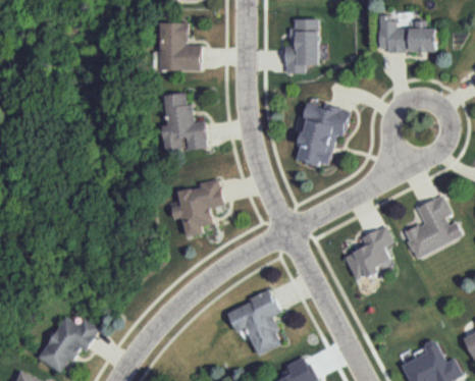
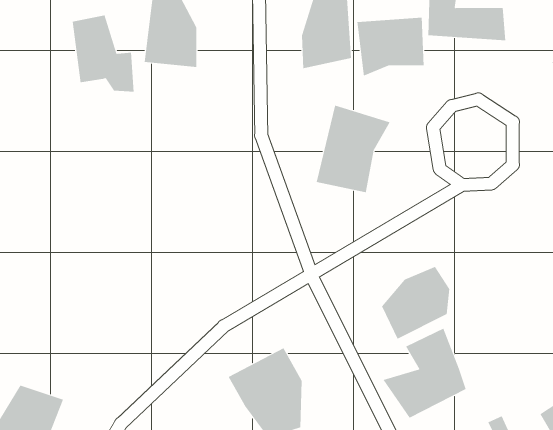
building: none -> [357,17,424,76]
building: [159,92,207,151] -> [72,15,134,92]
building: [177,175,224,239] -> none
building: [399,192,463,261] -> [383,328,467,418]

